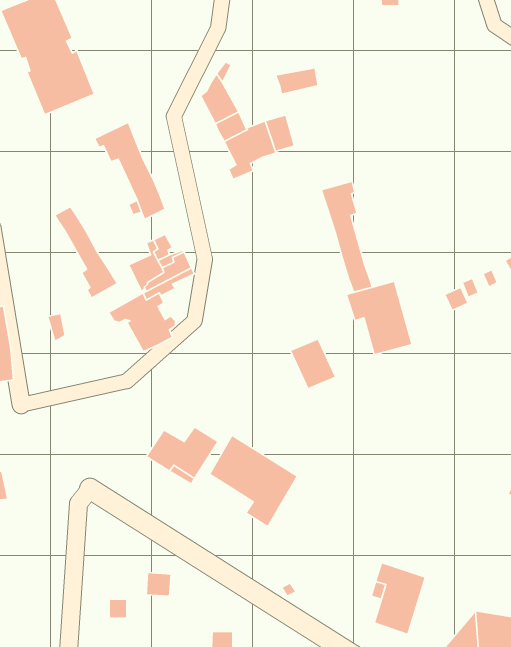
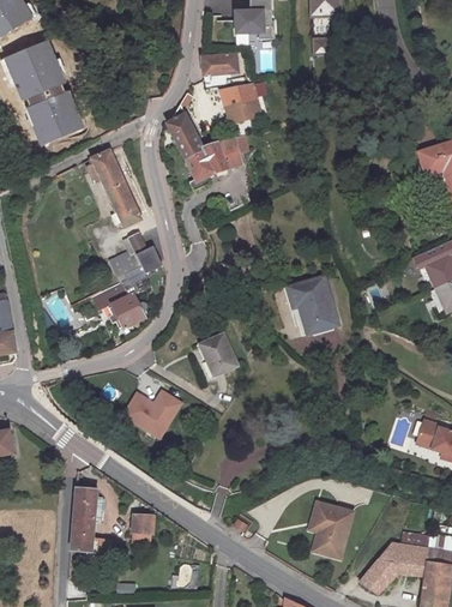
building: none -> [203,55,240,76]
building: none -> [223,83,260,107]
building: [321,181,373,292] -> none
building: [54,206,118,298] -> none
building: [290,339,336,389] -> [199,337,236,378]
building: [209,435,298,527] -> none
building: none -> [67,486,90,547]

